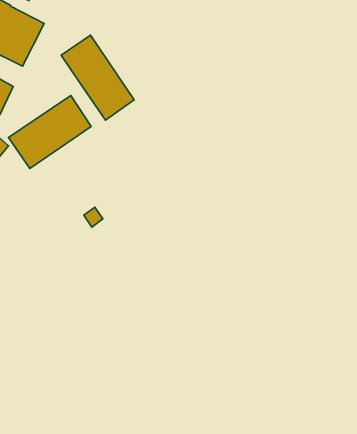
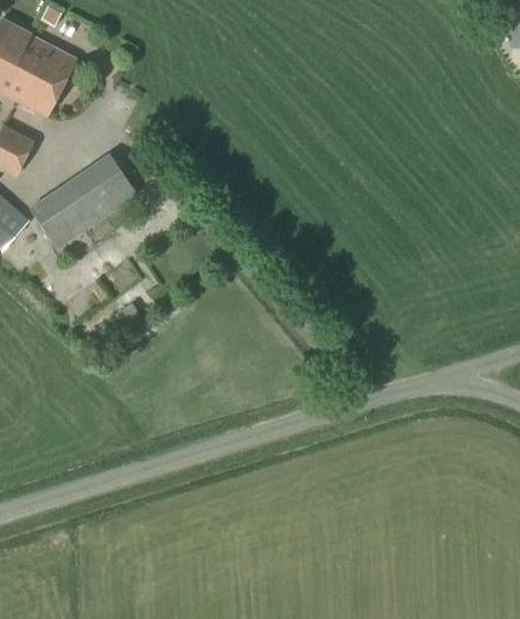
building: [61,35,134,120] -> none

